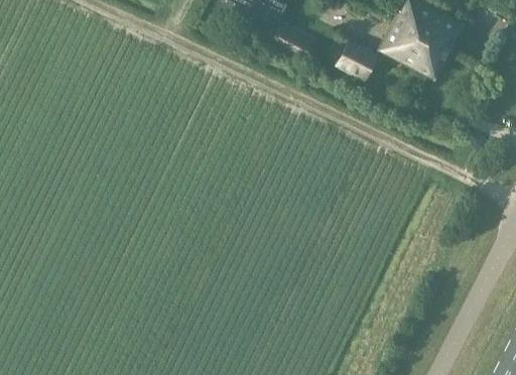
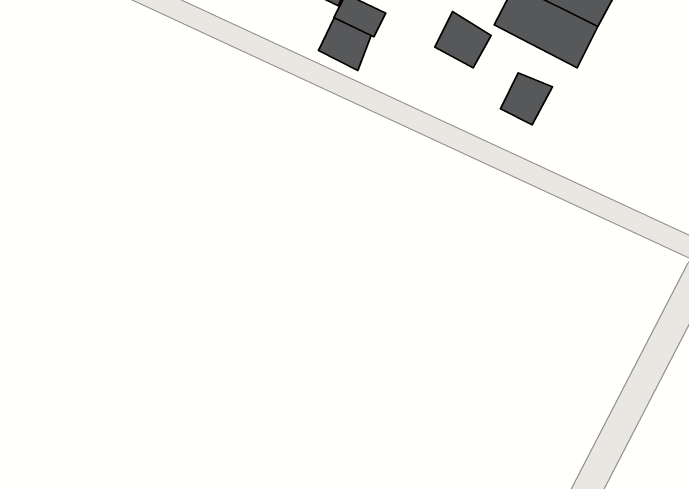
building: none -> [318,18,371,70]
building: none -> [500,73,552,125]

